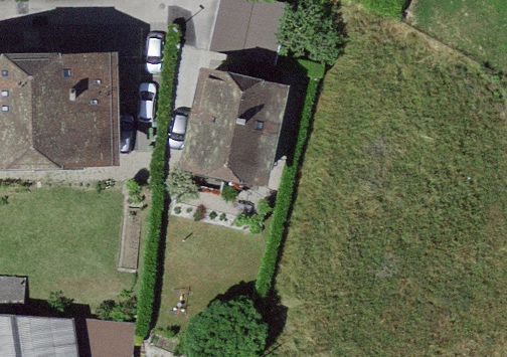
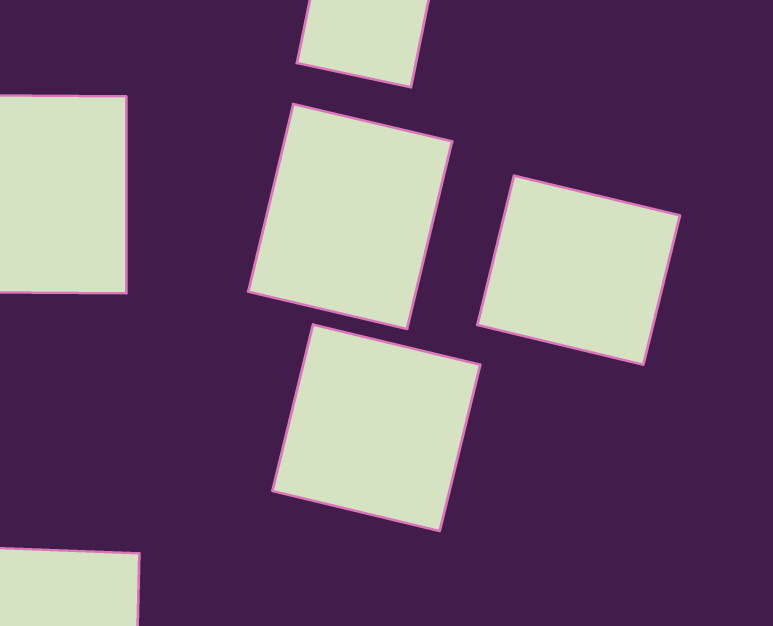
building: none -> [477,176,680,365]
building: none -> [273,324,480,531]

